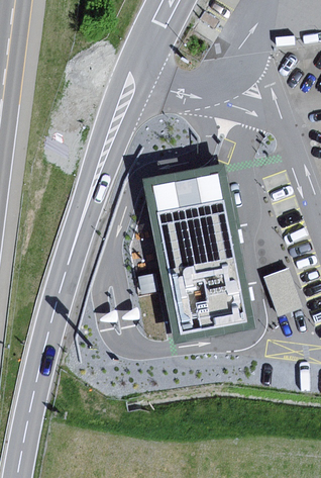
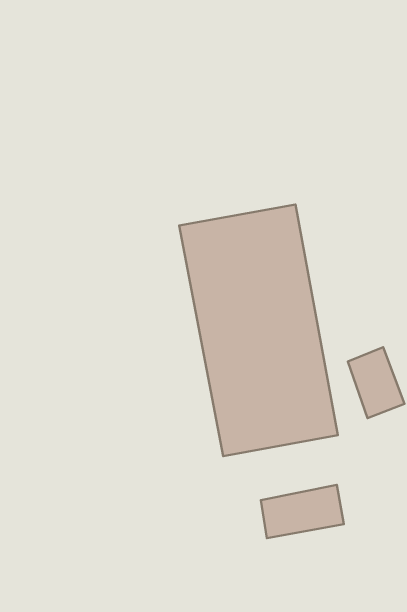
building: none -> [261,485,344,538]

